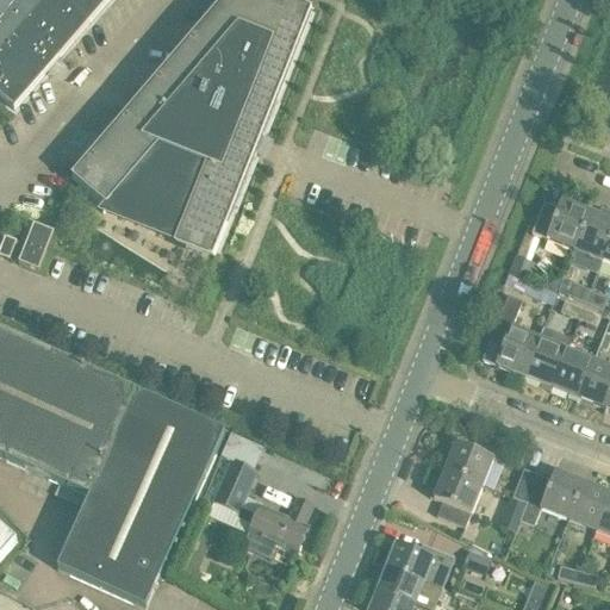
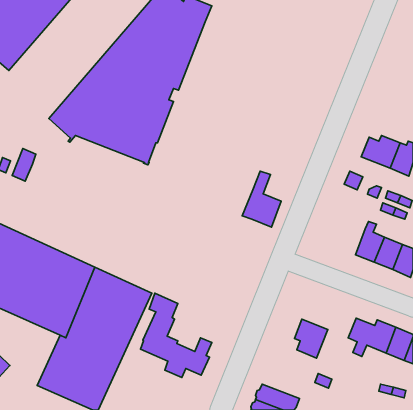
building: [479,292,536,374] -> [242,171,281,227]
building: [443,441,492,484] -> none
building: [385,541,452,585] -> none

